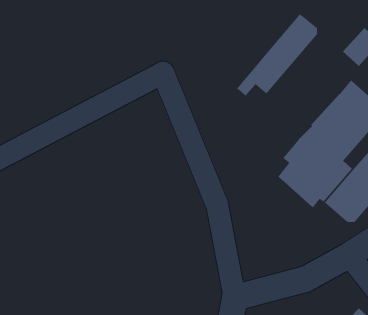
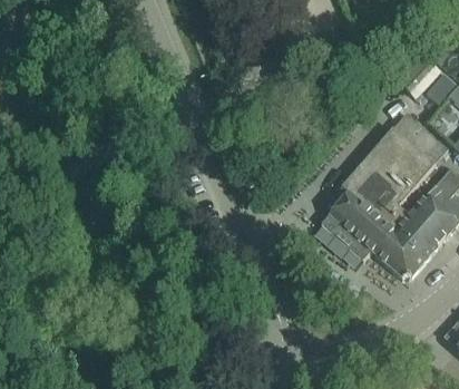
building: [236,13,318,97] -> none

